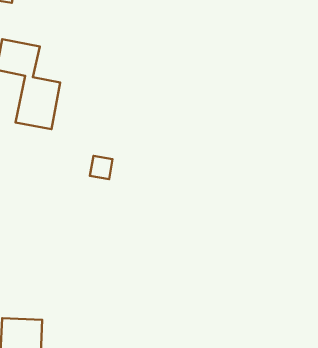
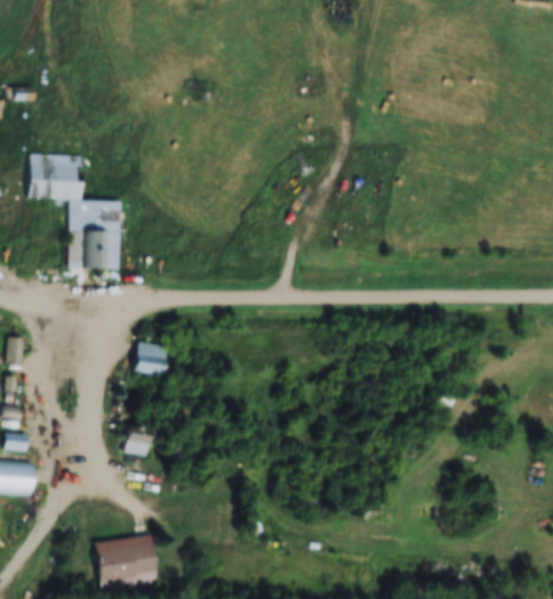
building: [90,156,113,179] -> [136,344,164,373]
building: none -> [122,424,150,457]

